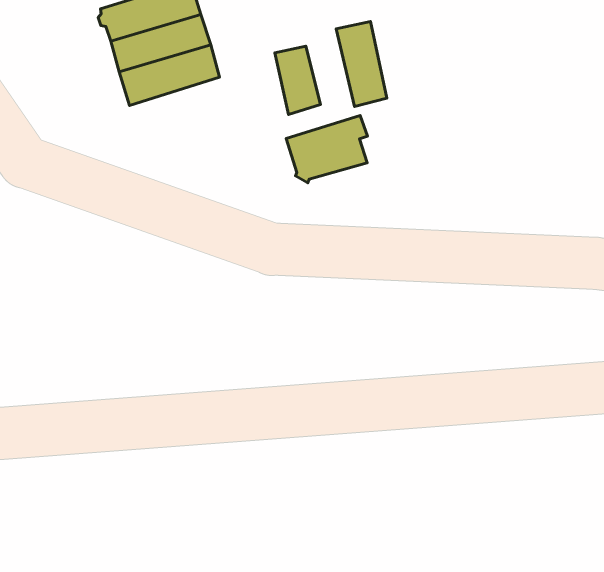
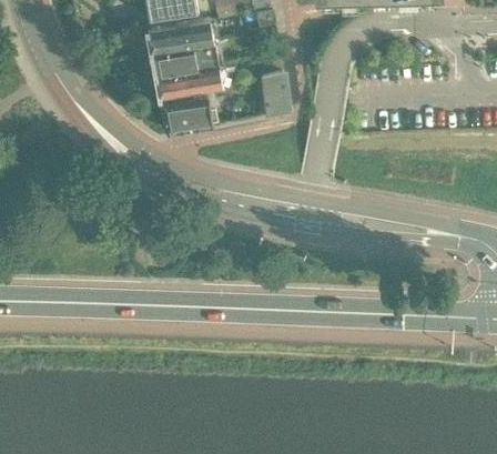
building: [336,21,387,106] -> none
building: [286,116,367,183] -> [161,89,215,130]

